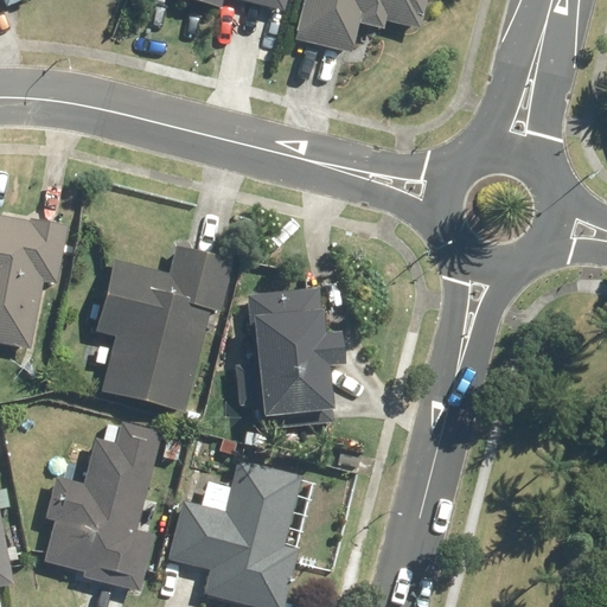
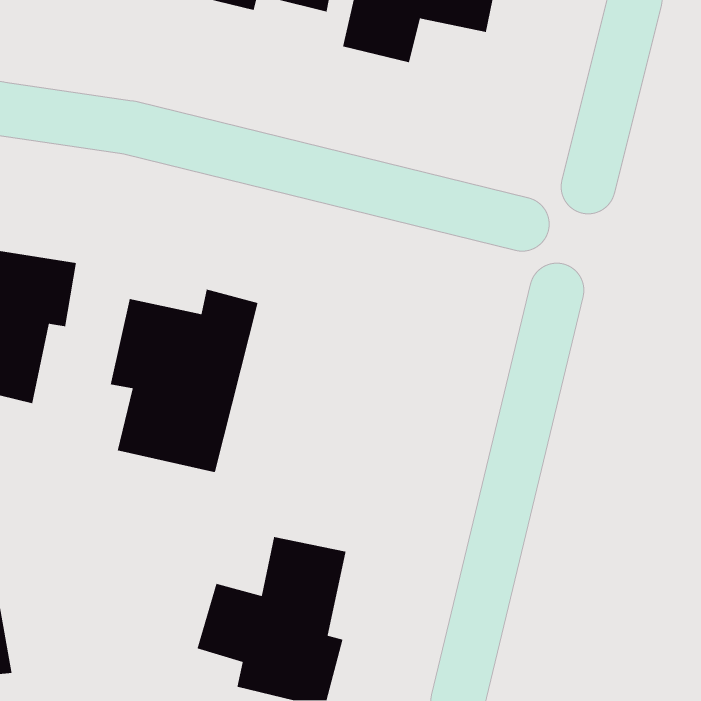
building: [237,289,343,416] -> none
building: [43,421,160,592] -> none

